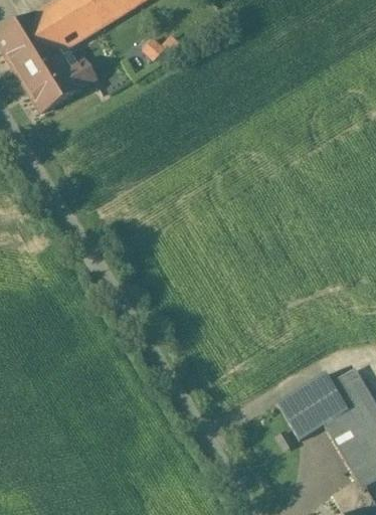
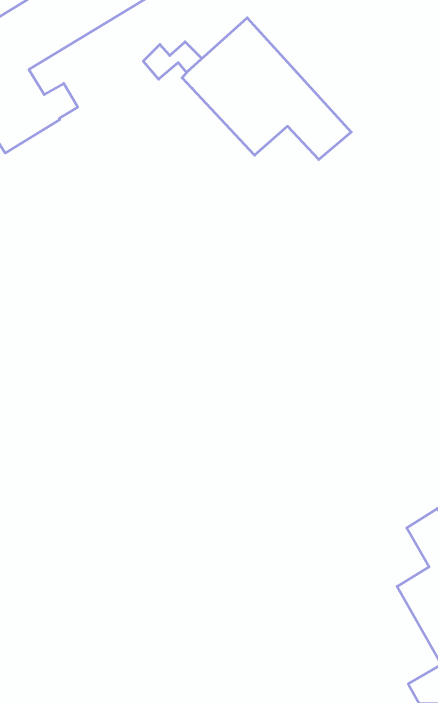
building: none -> [182,18,351,160]
building: [277,371,348,439] -> none

